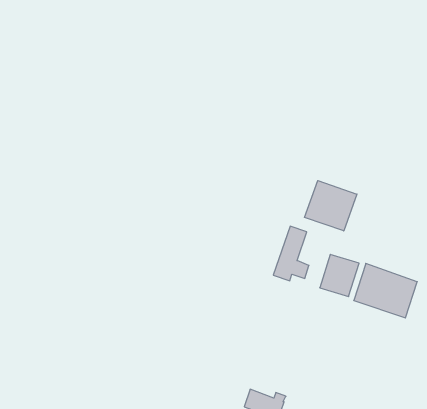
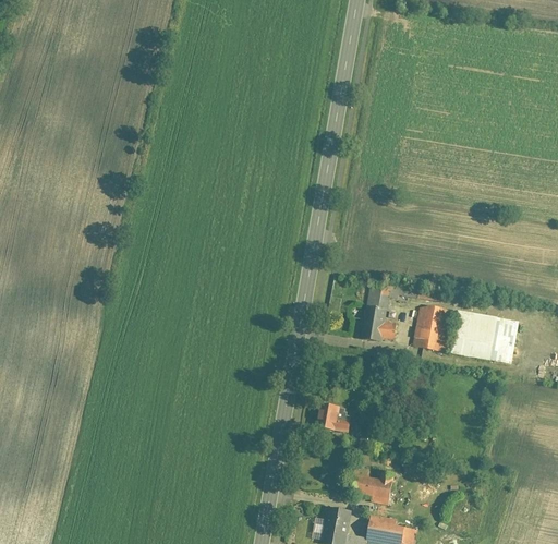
building: [305,181,357,231] -> none
building: none -> [314,402,350,430]

